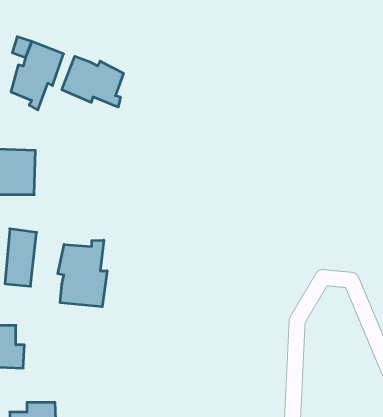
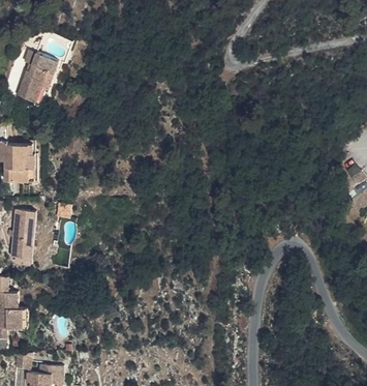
building: [62,56,123,107] -> none
building: [58,240,107,307] -> none

